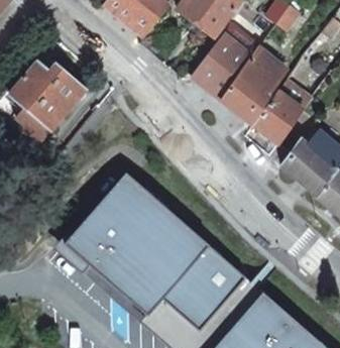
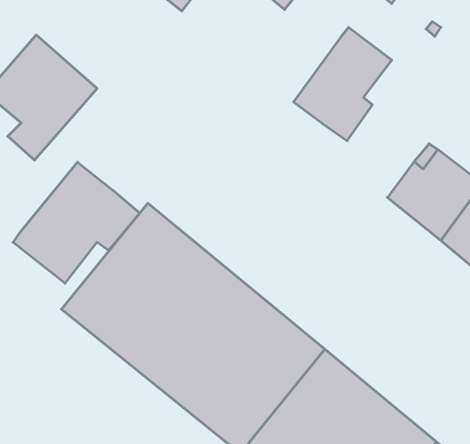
building: [189,36,248,99] -> none
building: [252,78,312,144] -> none
building: none -> [13,162,140,283]

